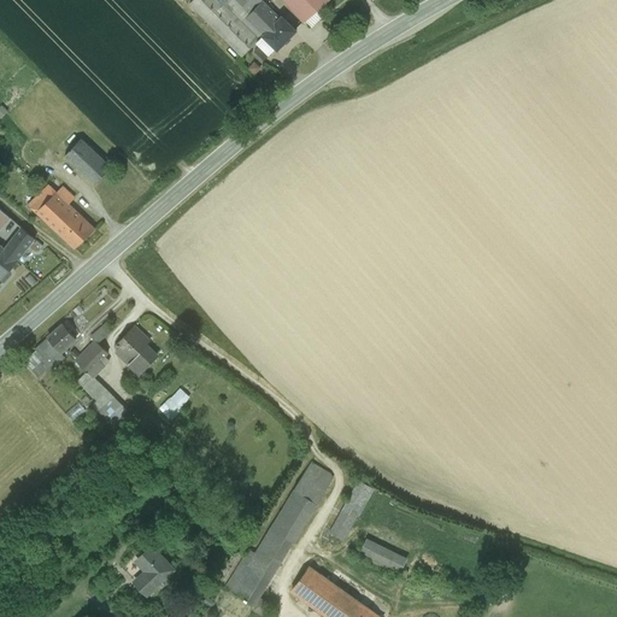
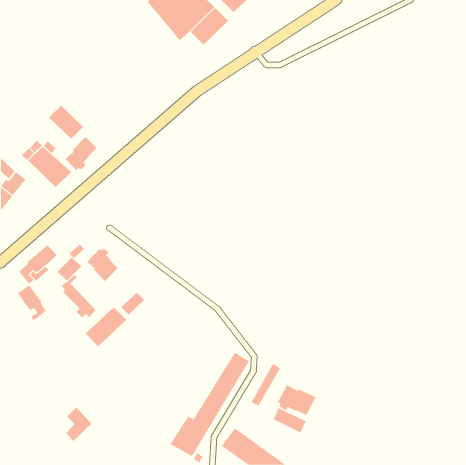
building: none -> [65,136,98,171]
building: none -> [17,284,47,321]
building: none -> [85,306,127,347]
building: none -> [277,384,316,416]
building: [136,546,171,593] -> [66,407,92,442]

